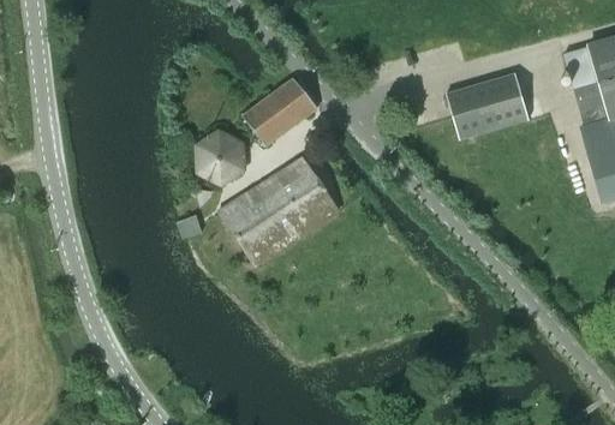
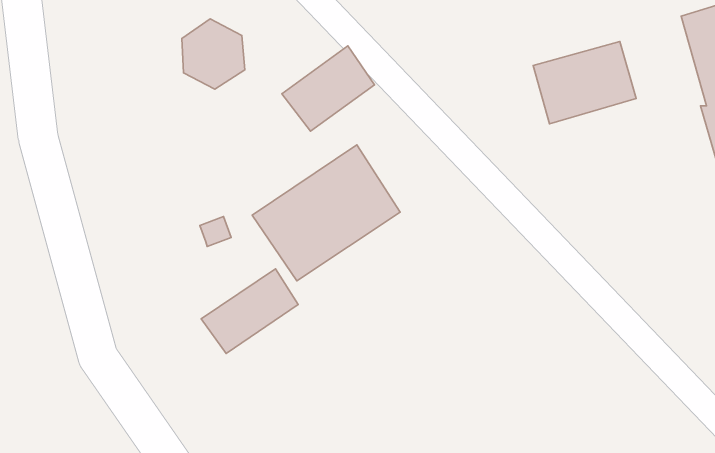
building: [196,130,246,186] -> [182,19,245,89]
building: none -> [201,269,298,353]

